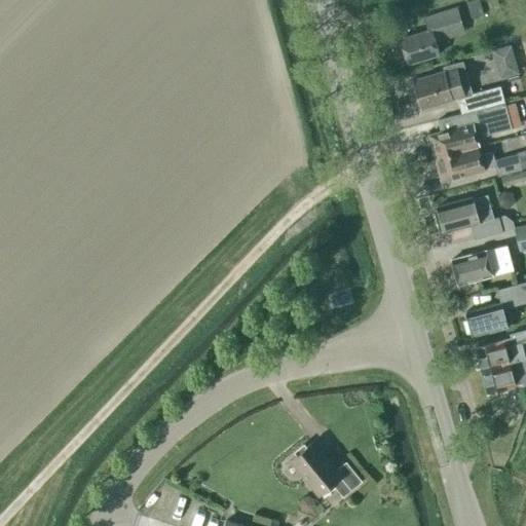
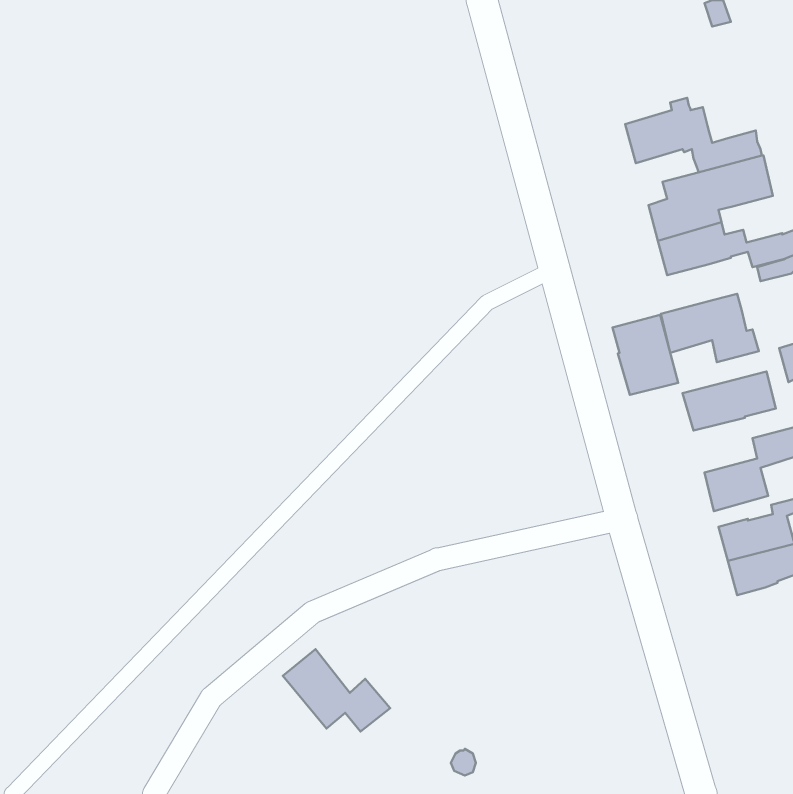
building: [401,8,464,65] -> none
building: [492,44,520,79] -> none
building: none -> [613,315,678,395]
building: [292,443,363,497] -> [283,649,390,732]

